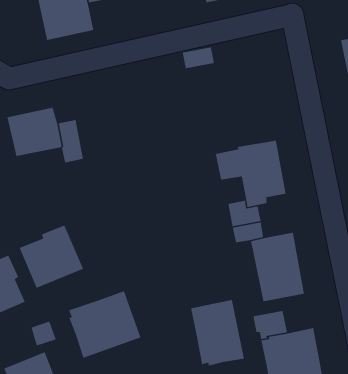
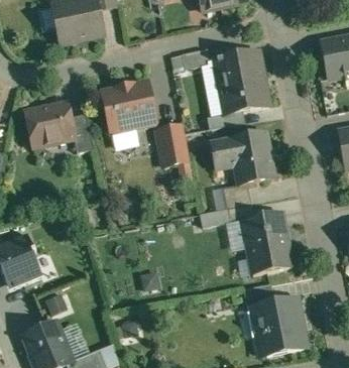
building: none -> [214,51,267,114]
building: none -> [102,83,155,147]
building: none -> [156,126,190,166]
building: [19,224,84,289] -> none
building: [68,290,142,359] -> none
building: [190,299,245,366] -> none

